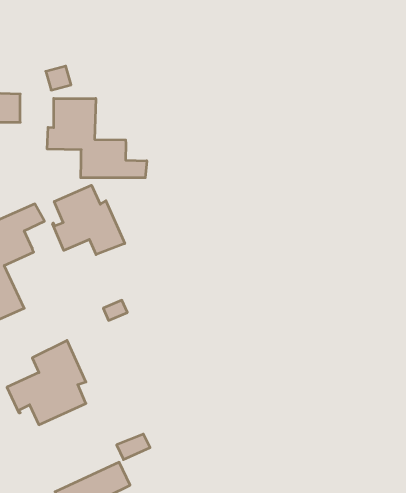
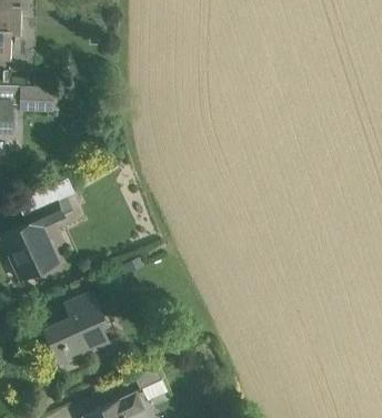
building: [47,98,147,178] -> none
building: [53,185,125,255] -> none

